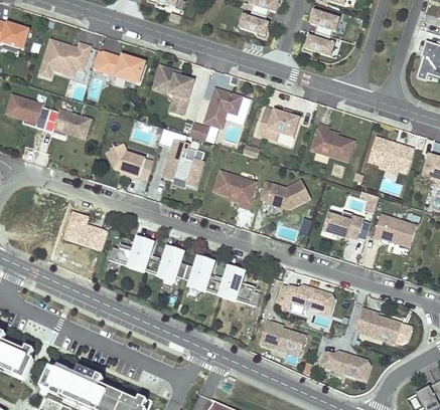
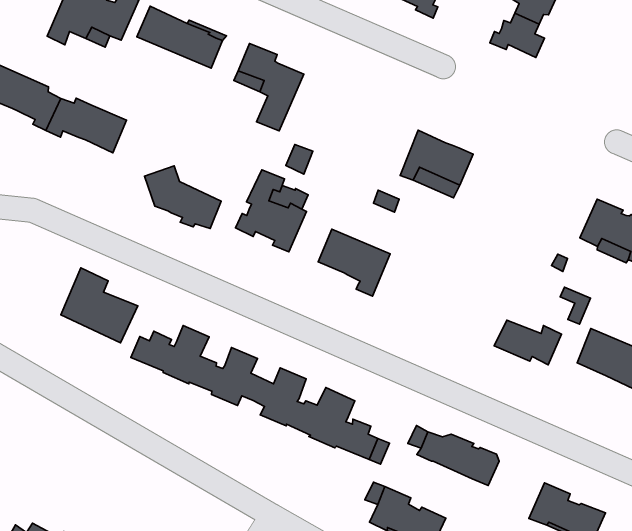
building: [203,87,248,129] -> none
building: [311,124,353,161] -> none
building: [259,180,310,209] -> none

